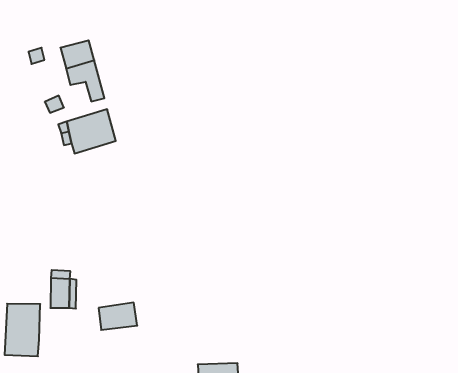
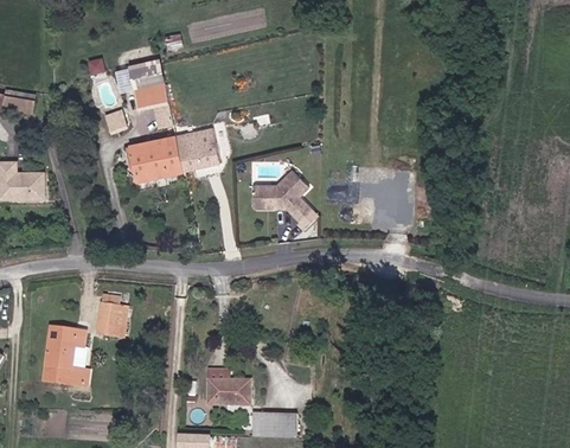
building: none -> [172,123,224,167]
building: none -> [249,167,305,218]
building: [99,303,137,330] -> [209,379,249,407]

